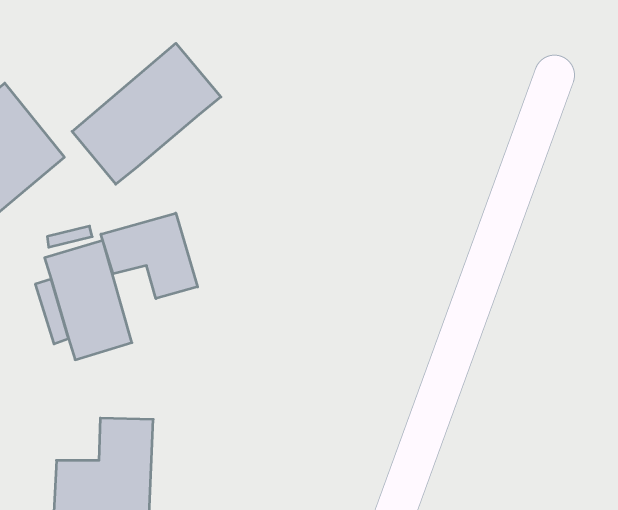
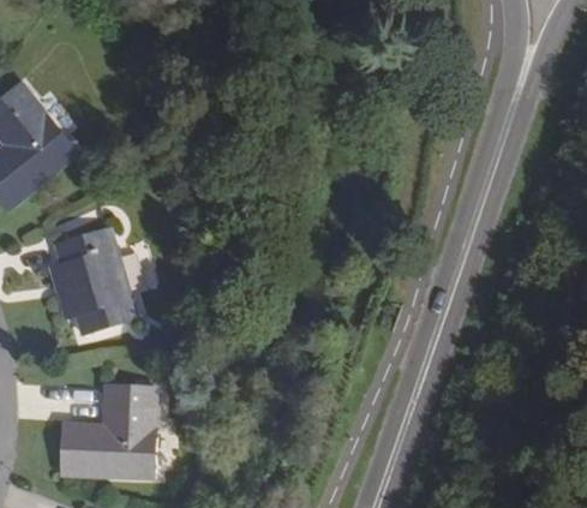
building: [72,43,221,184] -> none
building: [101,213,198,299] -> none

